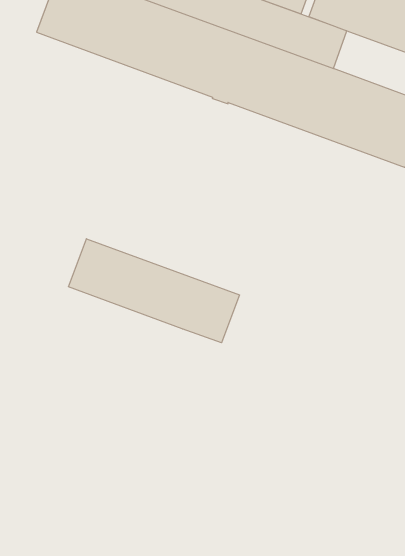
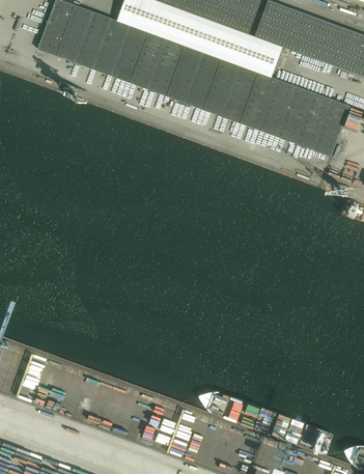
building: [68,239,239,343] -> none

